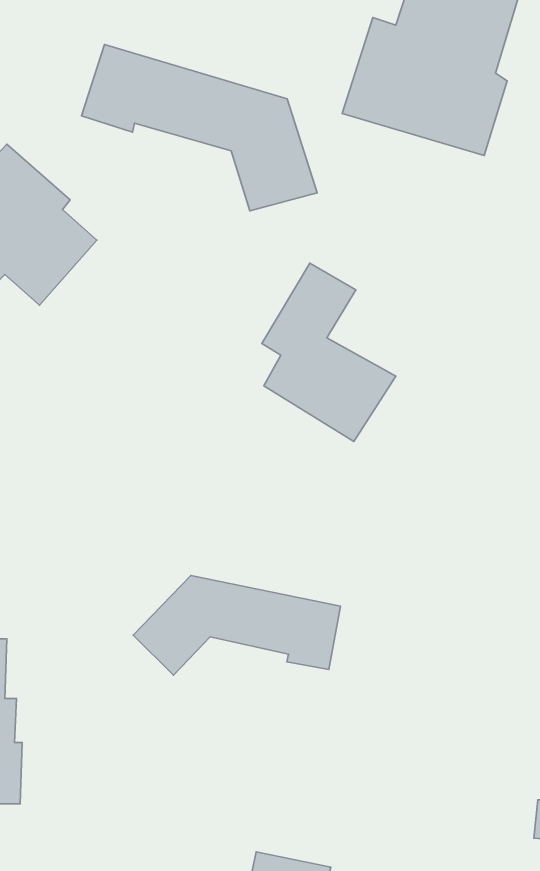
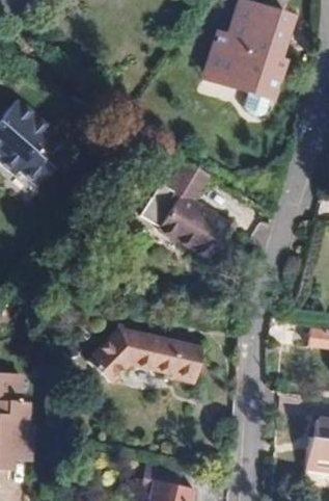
building: [81,44,317,211] -> none

